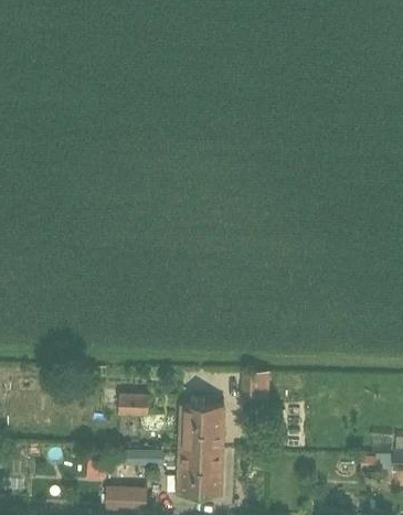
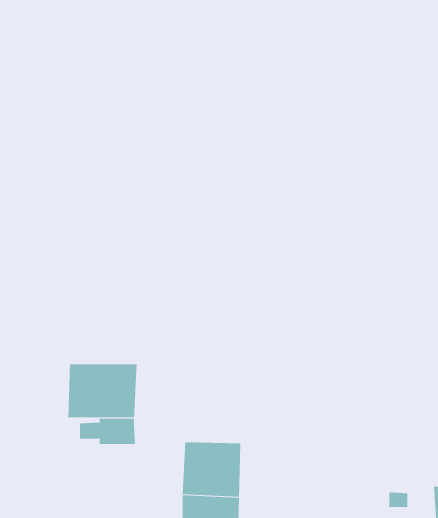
building: none -> [68,364,137,418]
building: [246,375,267,404] -> none

